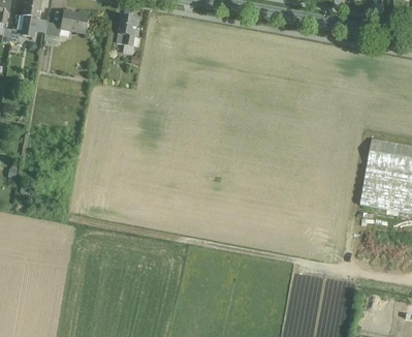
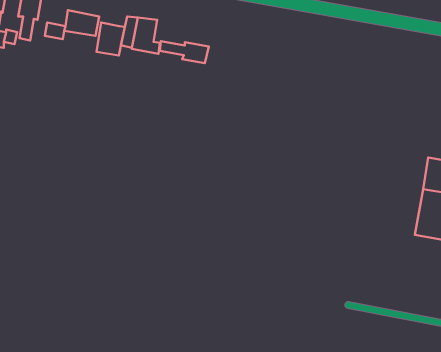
building: none -> [97,23,125,56]
building: none -> [160,41,209,63]

